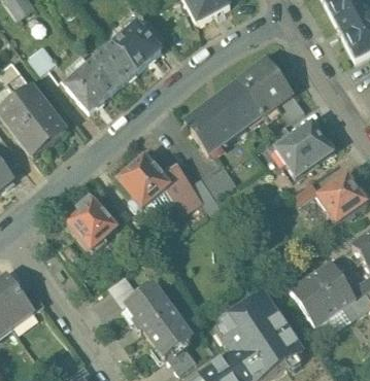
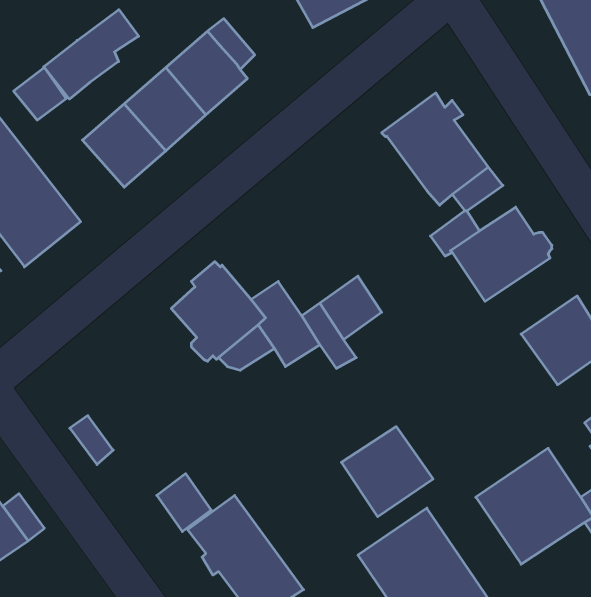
building: none -> [44,10,139,99]
building: [186,81,262,151] -> none
building: [67,196,119,253] -> none
building: none -> [341,427,433,517]

